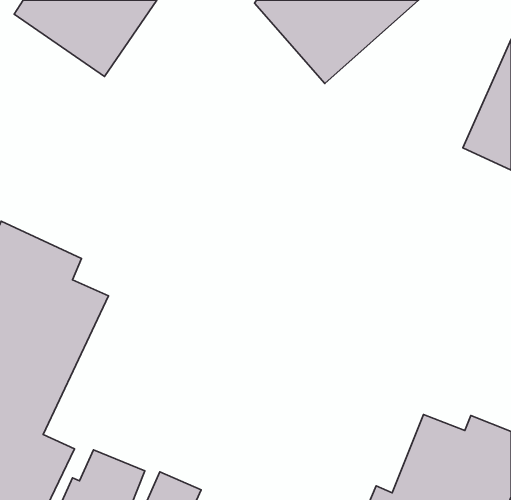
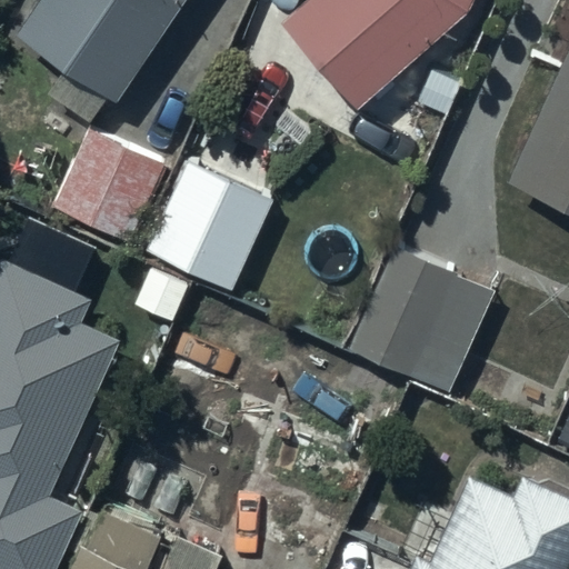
building: none -> [52,128,169,244]
building: none -> [148,161,274,290]
building: none -> [348,241,496,391]

